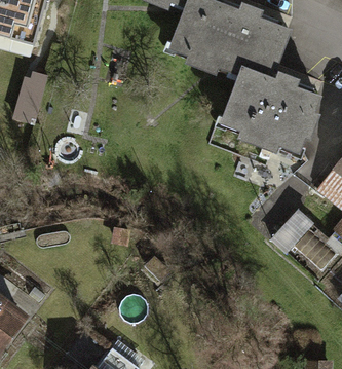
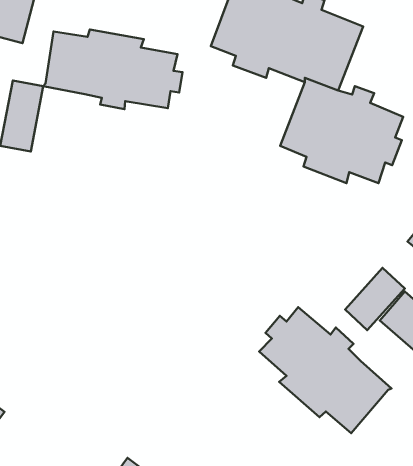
building: none -> [43,29,182,109]
building: none -> [259,307,391,433]

